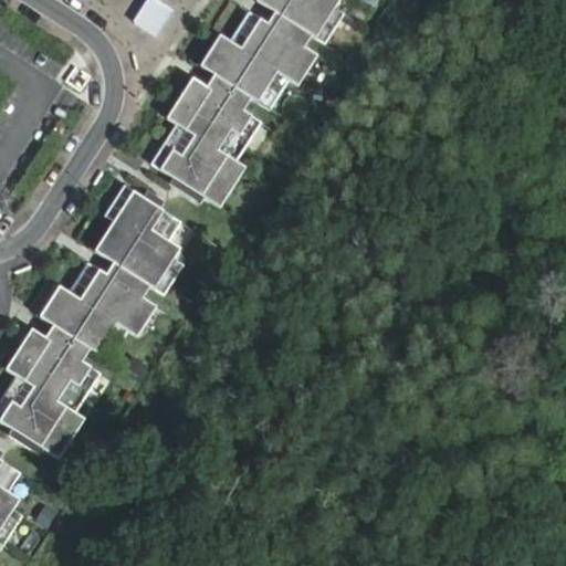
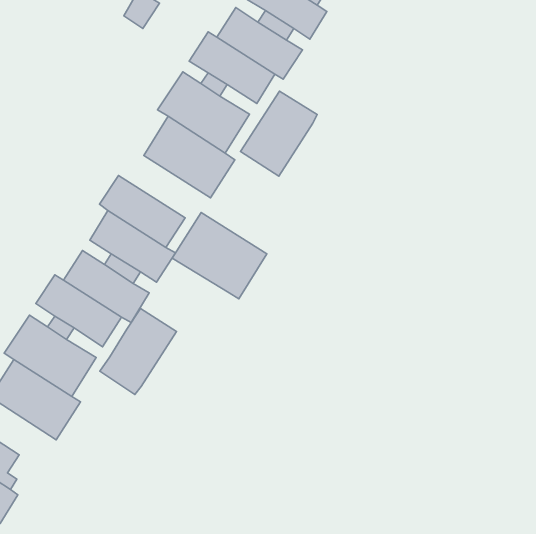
building: none -> [241,91,317,176]
building: none -> [172,212,267,299]
building: none -> [100,309,176,395]

